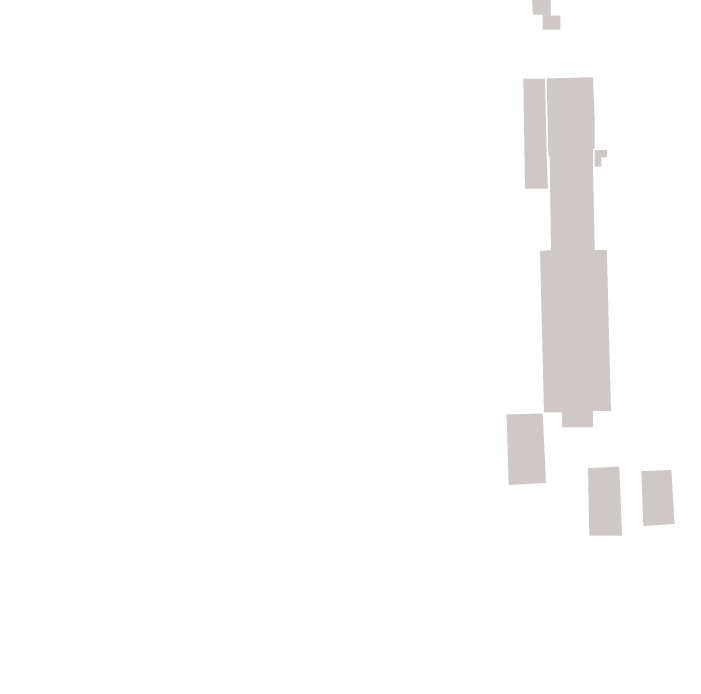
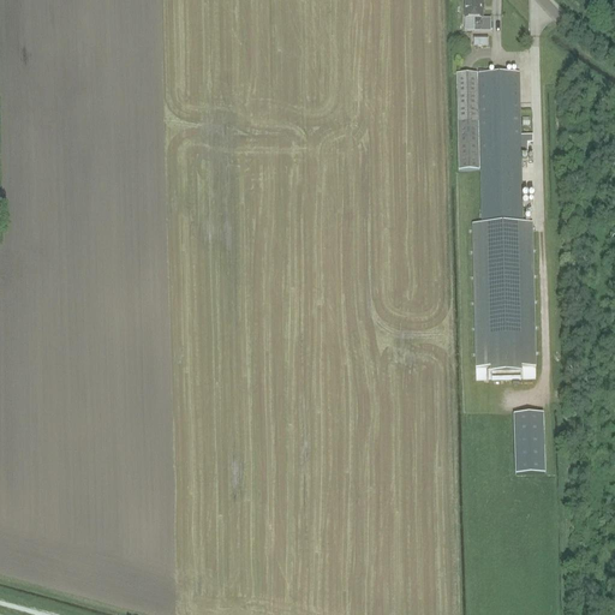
building: [506,413,547,486] -> none
building: [641,469,675,527] -> none

